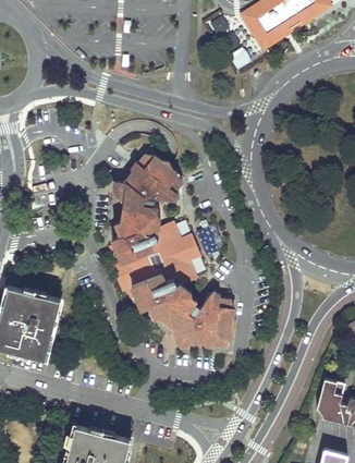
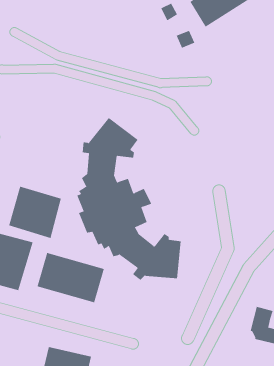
building: none -> [9,186,61,239]
building: none -> [37,252,105,303]

